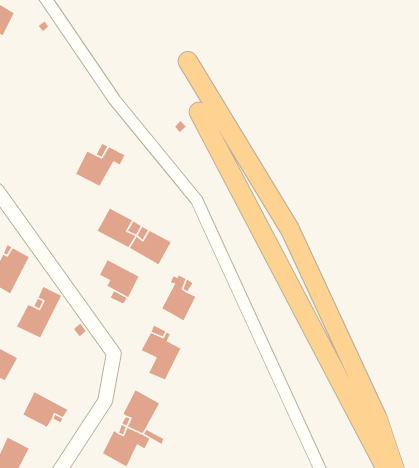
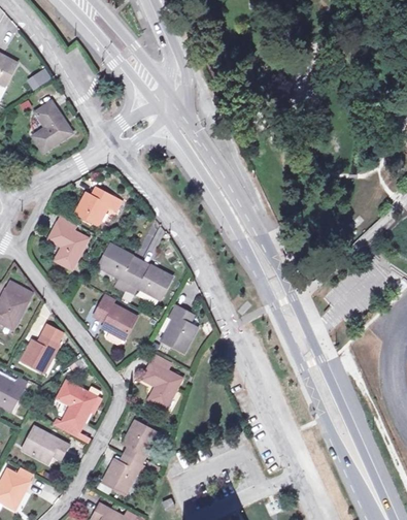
building: none -> [35,96,73,145]
building: none -> [48,220,87,270]
building: none -> [61,380,99,432]

